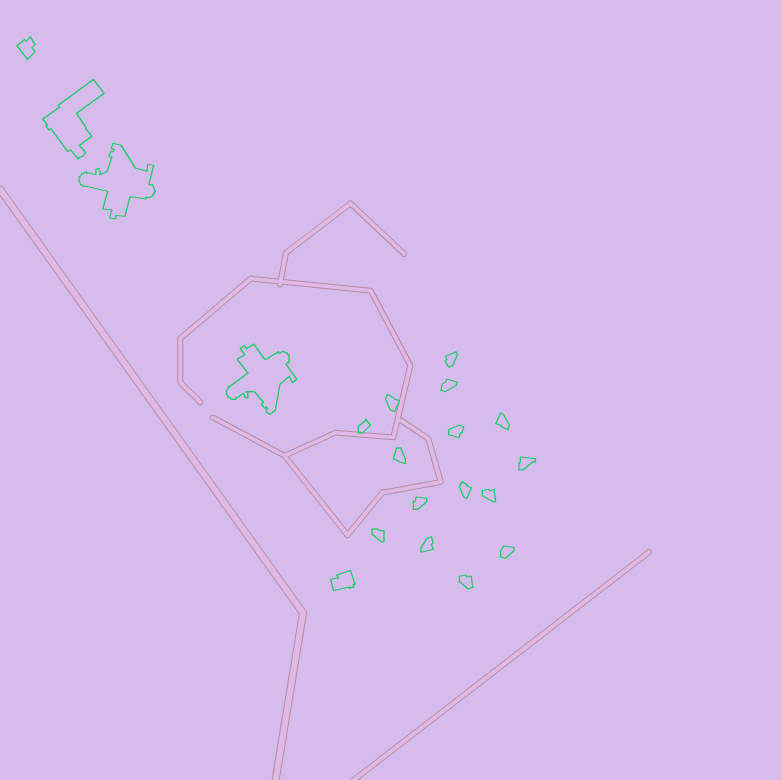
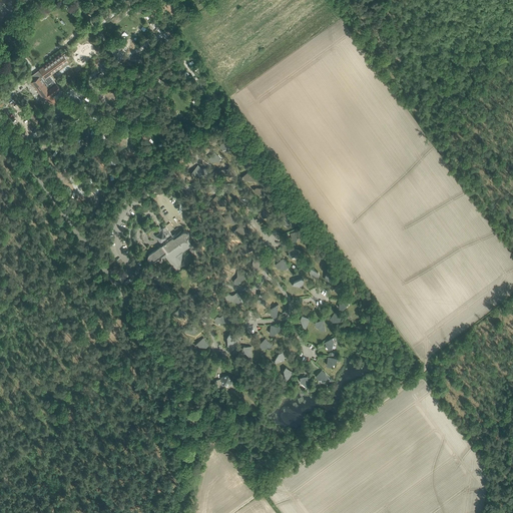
building: [79,143,155,219] -> none

